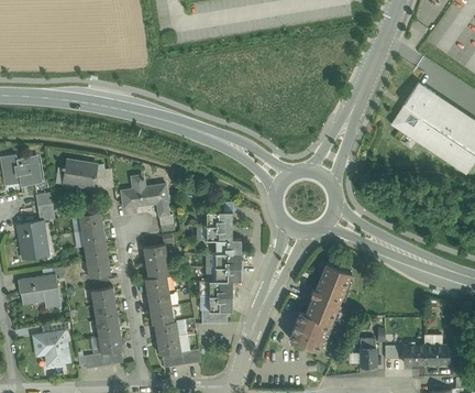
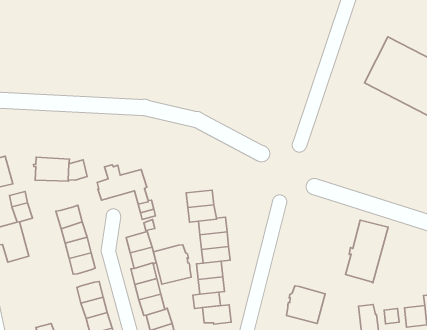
building: none -> [154,245,191,284]
building: [306,263,352,325] -> [346,220,388,283]
building: [22,274,60,307] -> none
building: none -> [203,305,231,324]

